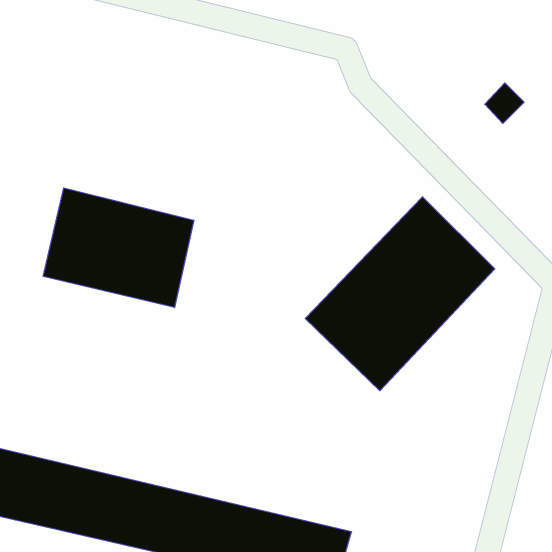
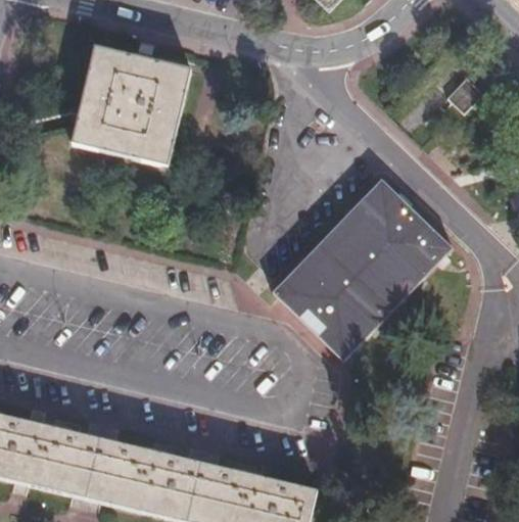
building: none -> [68,48,186,168]
building: [43,188,194,308] -> none

